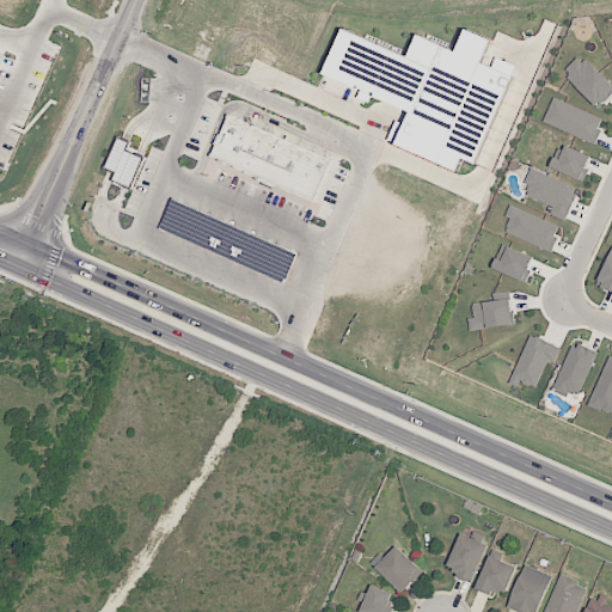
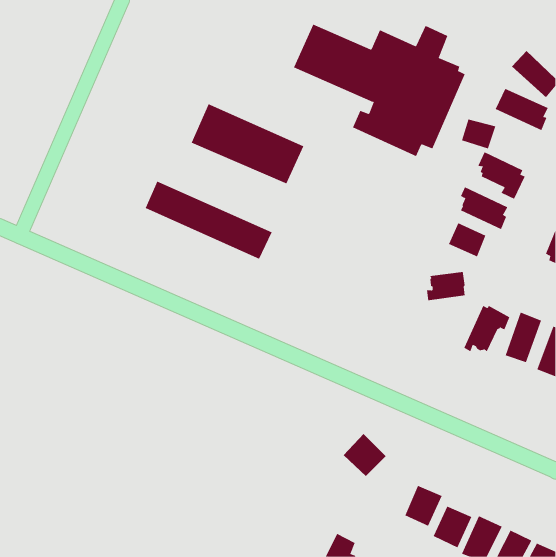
building: [103,135,143,190] -> none
building: [551,146,589,179] -> [461,119,496,149]
building: [373,545,421,593] -> [343,433,386,477]

